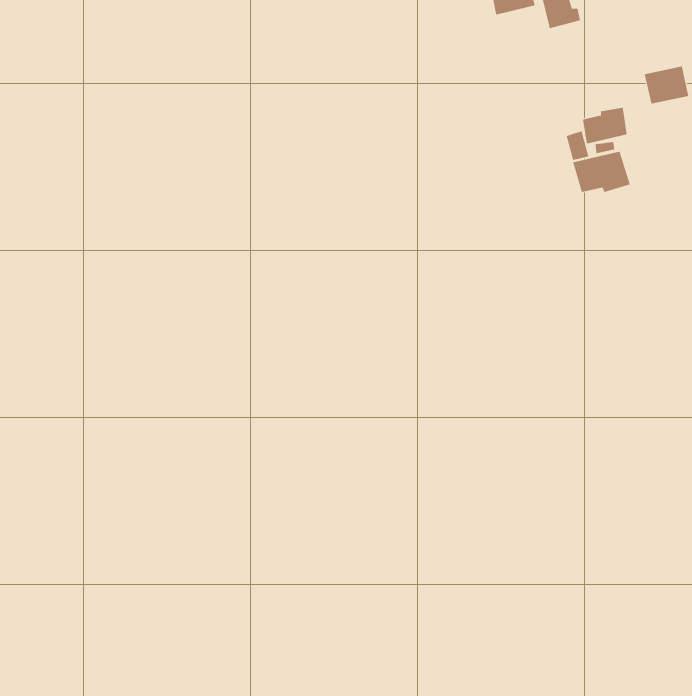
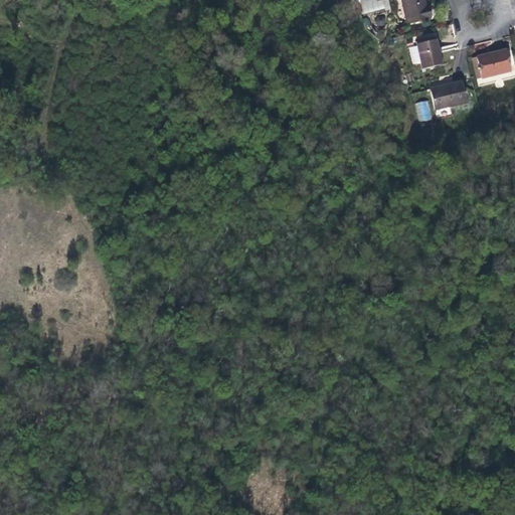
building: none -> [416,37,442,66]
building: [573,151,630,193] -> none

